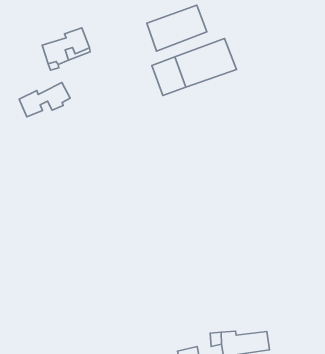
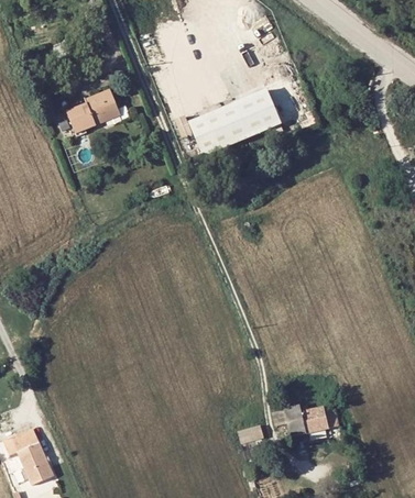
building: [147,5,207,51] -> none
building: [19,82,70,117] -> none

